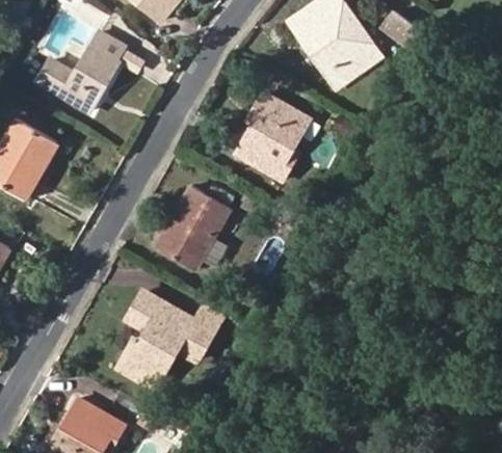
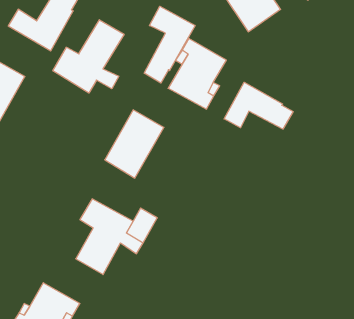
building: none -> [144,6,195,83]
building: none -> [53,20,124,93]
building: none -> [224,82,293,129]

